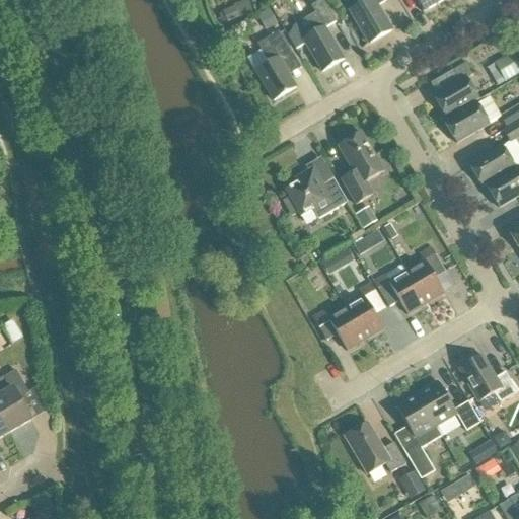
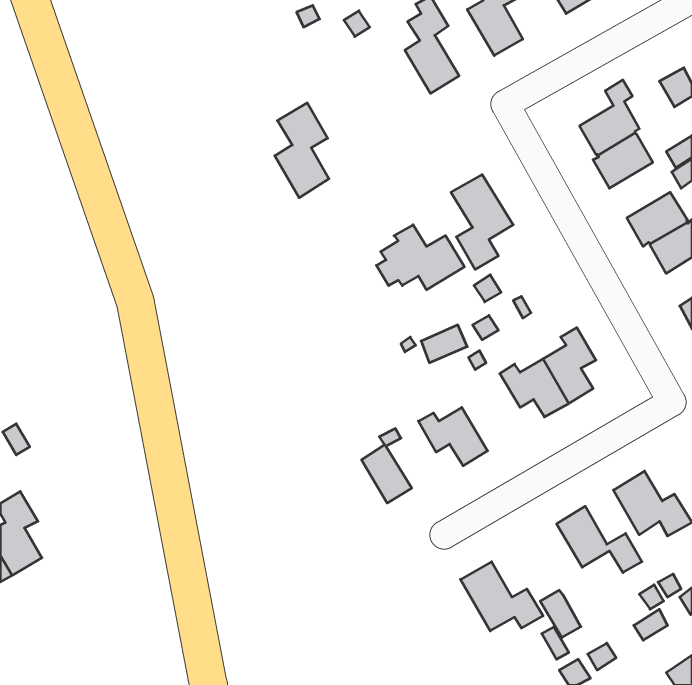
building: [255,28,296,99] -> [275,103,329,198]
building: [346,282,383,338] -> [362,429,412,503]
building: [396,392,442,446] -> none

